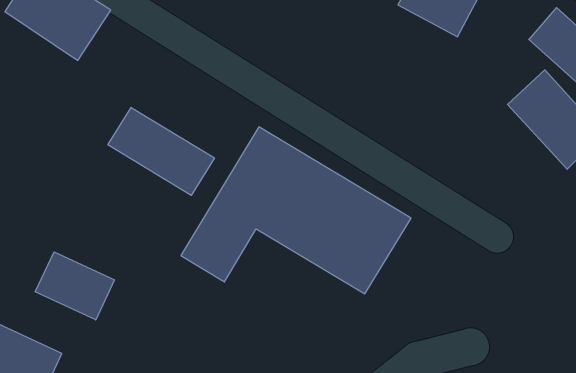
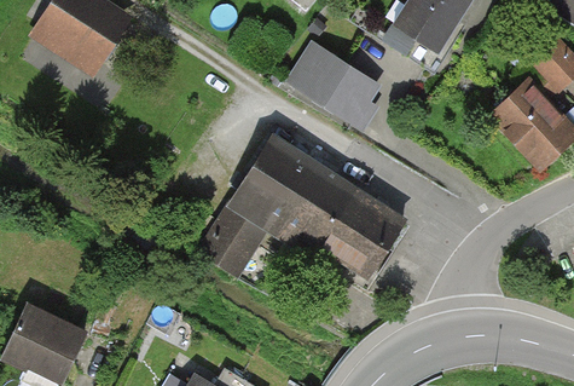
building: none -> [284,41,377,123]
building: [108,107,214,195] -> none
building: [35,252,115,320] -> none

